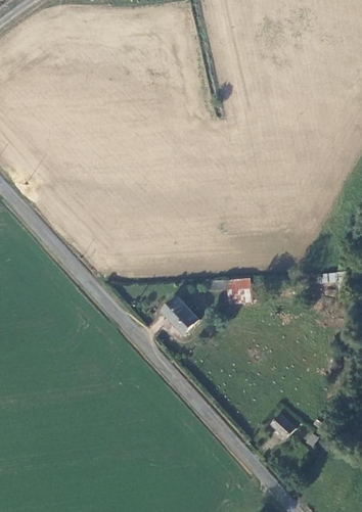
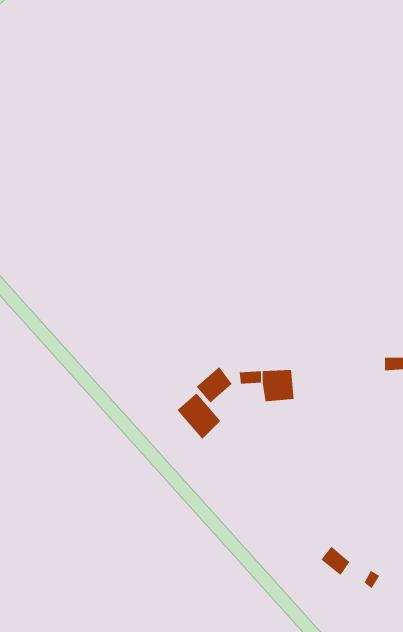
building: none -> [196,366,233,403]

